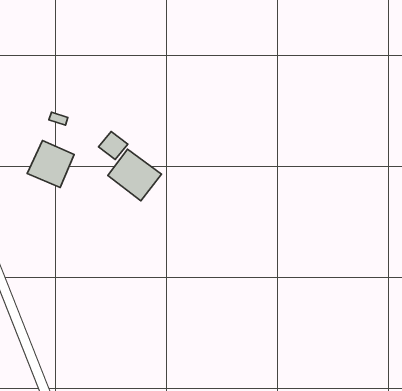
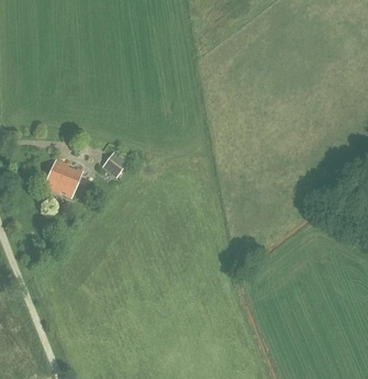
building: [108,149,162,201] -> none

